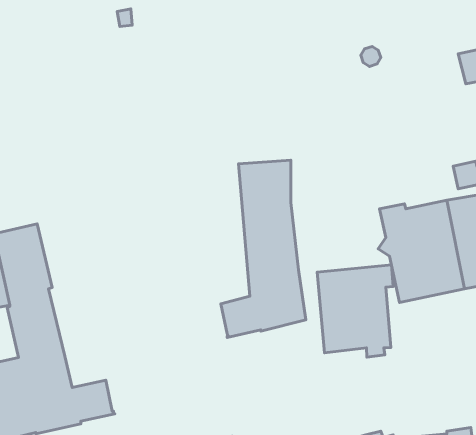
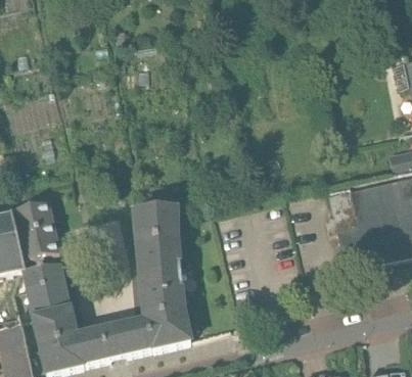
building: [221,160,306,337] -> [121,210,190,356]
building: [317,265,393,357] -> none

